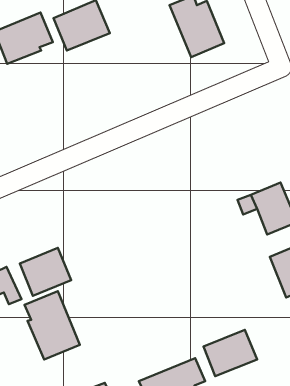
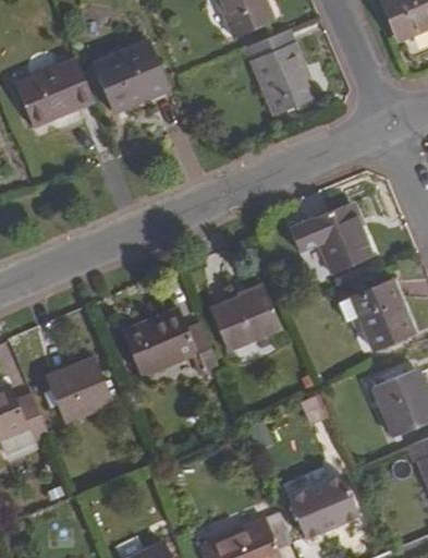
building: none -> [289,205,372,275]
building: none -> [210,289,281,352]
building: none -> [121,310,220,379]
building: [25,291,80,360] -> none

